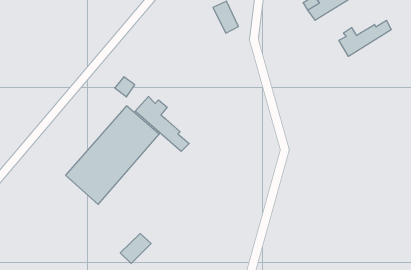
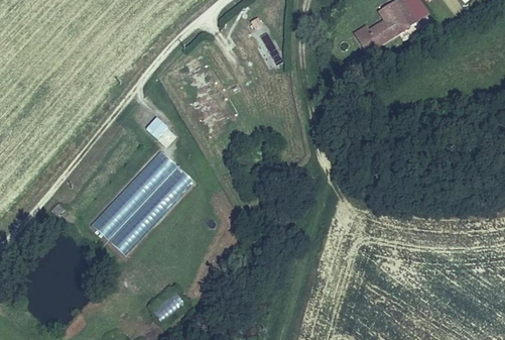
building: [339,20,391,56] -> none
building: [135,97,189,151] -> none

